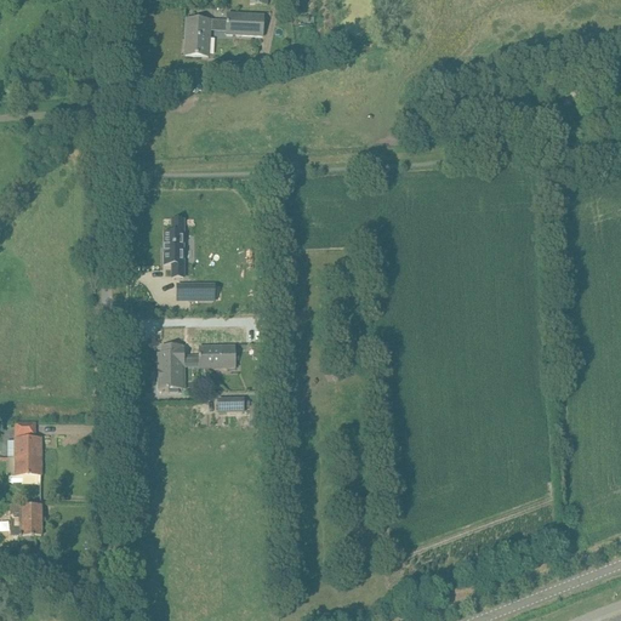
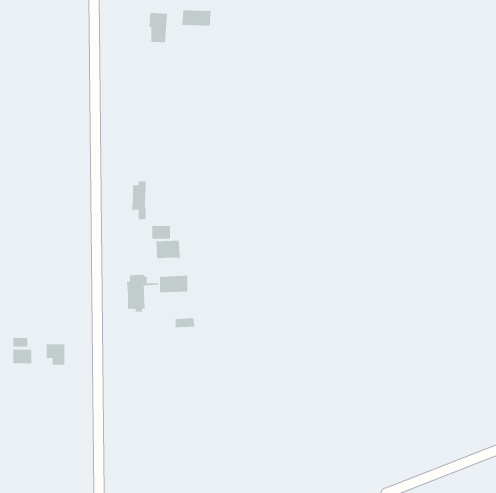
building: none -> [156,240,180,259]
building: [16,454,40,480] -> [46,344,65,365]
building: [10,502,41,532] -> none

